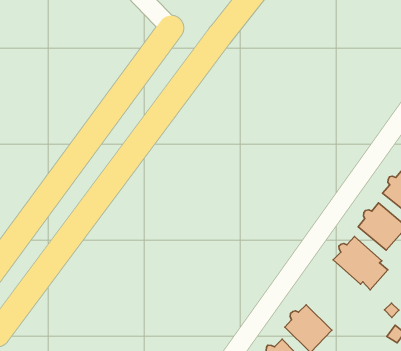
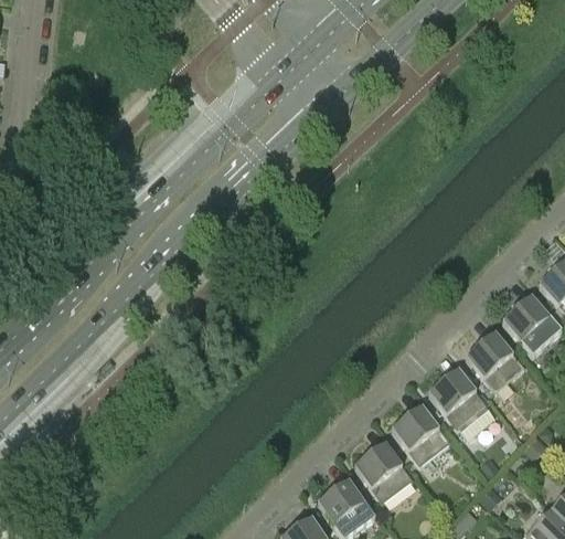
building: none -> [392,404,450,465]

